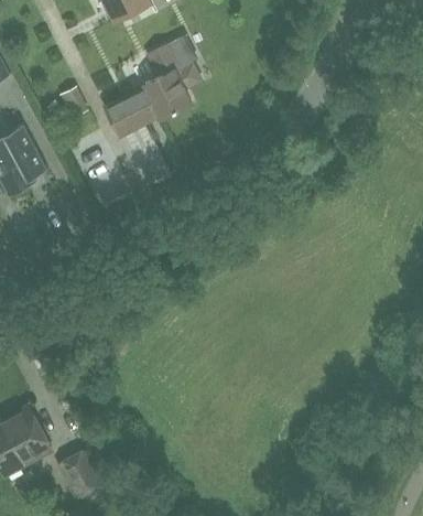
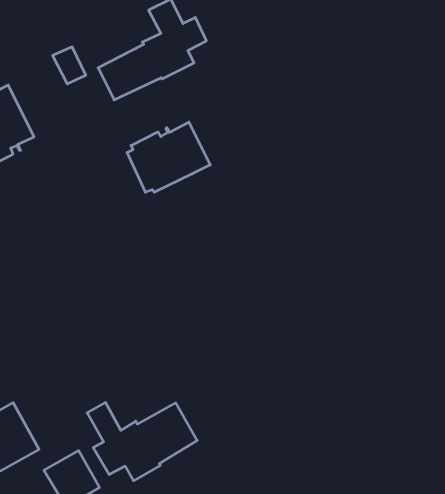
building: none -> [127,122,210,192]
building: none -> [87,402,197,481]

